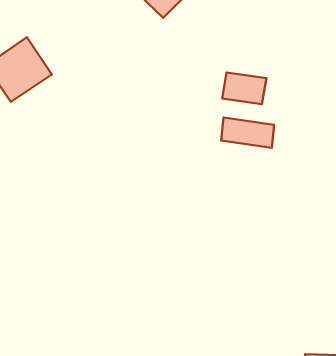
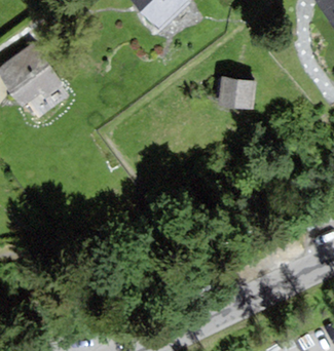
building: [221,118,274,148] -> none

